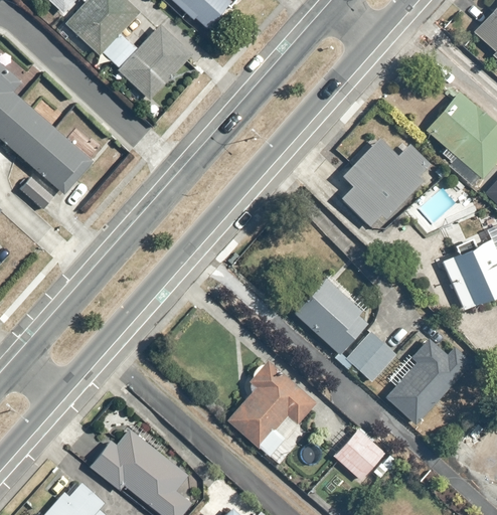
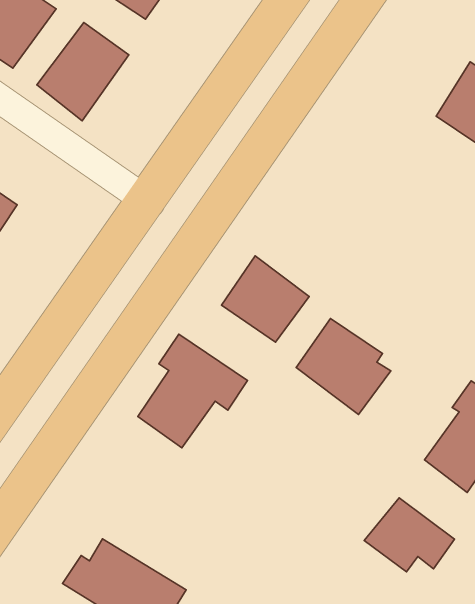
building: [339,140,431,227] -> none
building: none -> [222,256,309,342]
building: [347,329,399,381] -> none
building: [227,360,316,449] -> [138,334,248,448]

